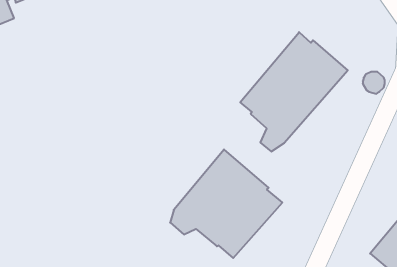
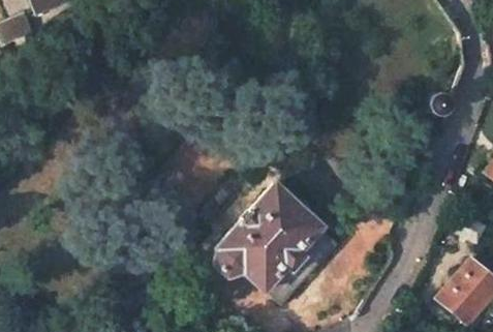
building: [240,32,348,152] -> none

